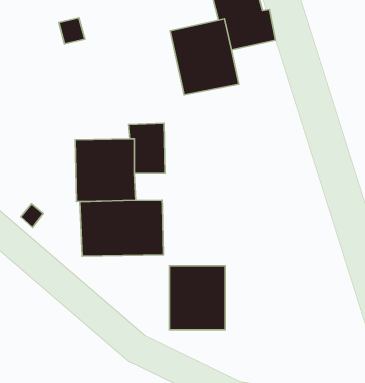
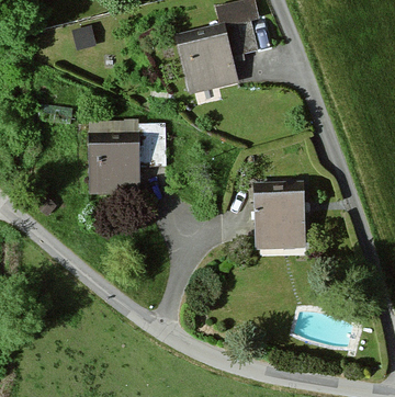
building: [80,200,163,256] -> none
building: [169,266,225,330] -> [255,186,306,246]

